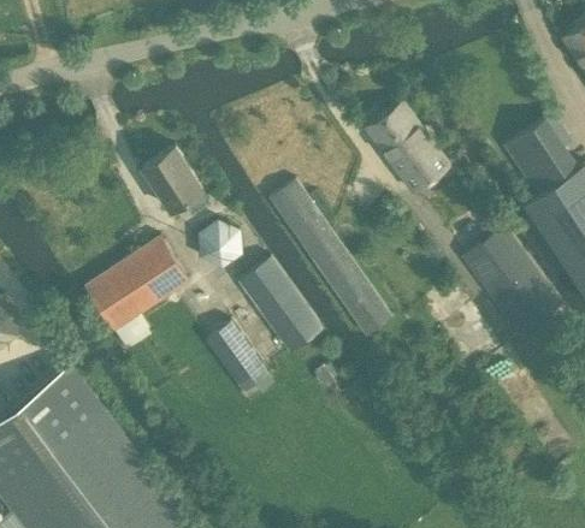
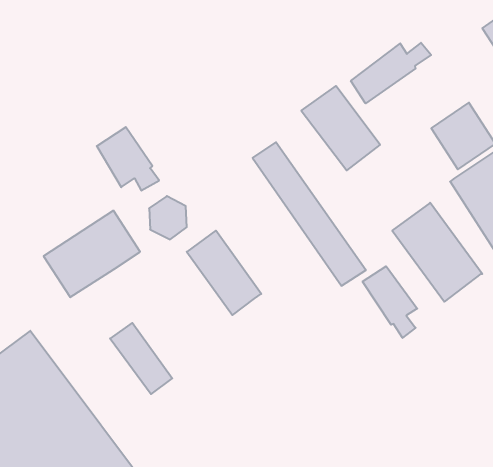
building: none -> [351,43,431,103]
building: [270,180,392,336] -> [253,142,366,286]
building: none -> [363,266,417,338]
building: [206,322,273,399] -> [110,323,172,394]

